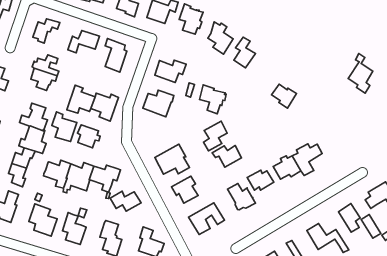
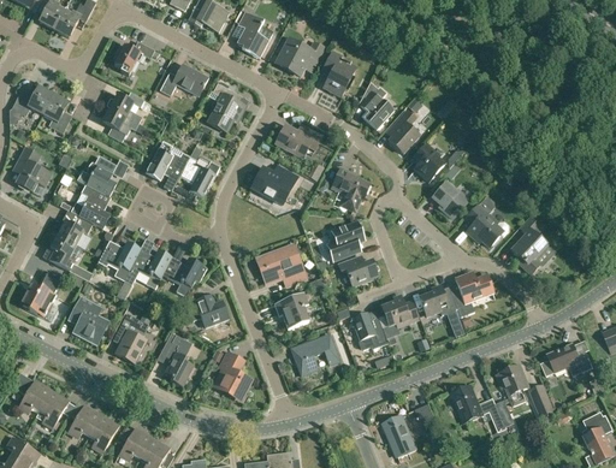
building: [348,53,373,93] -> [511,217,547,273]
building: none -> [414,144,444,180]
building: none -> [466,195,508,247]
building: [52,112,77,142] -> none
building: [78,125,100,148] -> none

